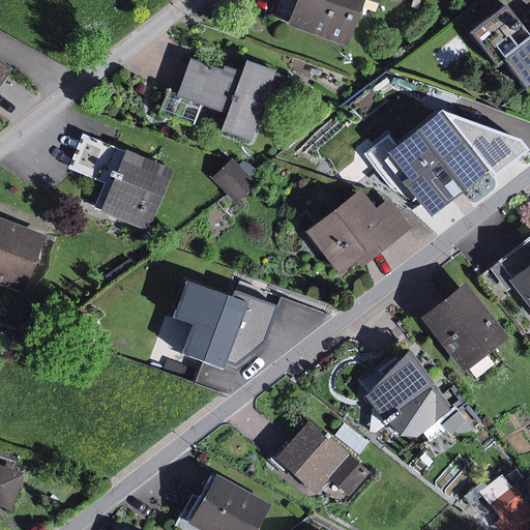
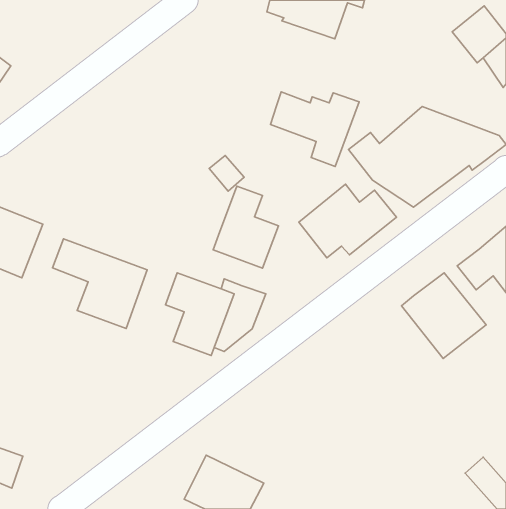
building: [183,60,275,138] -> [270,92,359,166]
building: [76,135,174,228] -> [52,239,147,329]
building: none -> [213,186,278,268]
building: [367,348,454,435] -> none
building: [276,418,369,492] -> none

